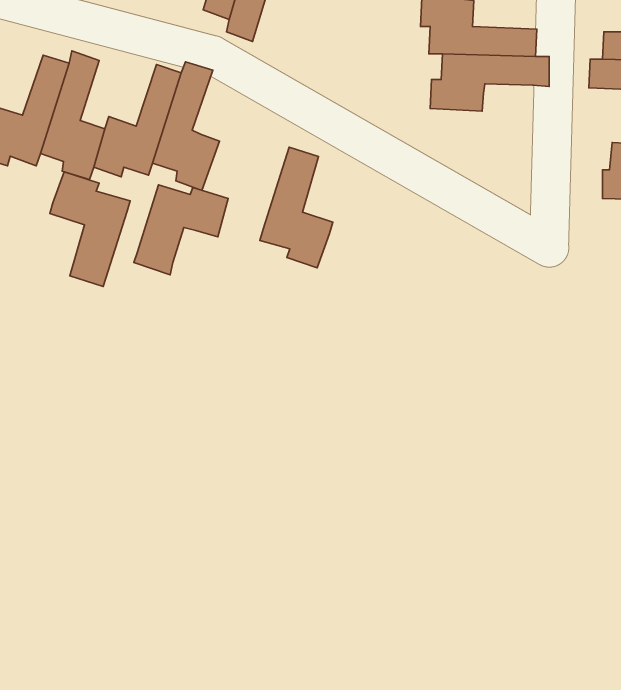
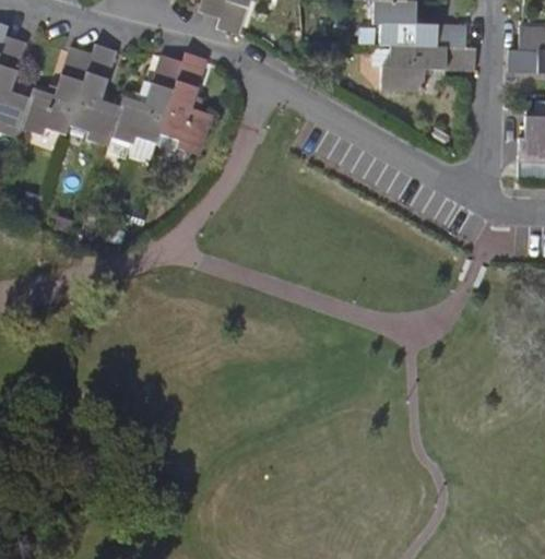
building: [260,147,333,268] -> none
building: [50,172,130,286] -> none
building: [134,185,228,275] -> none

